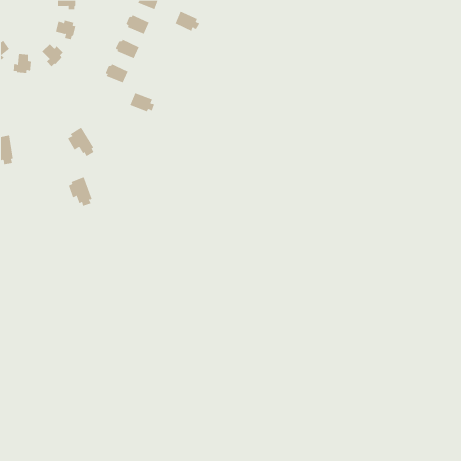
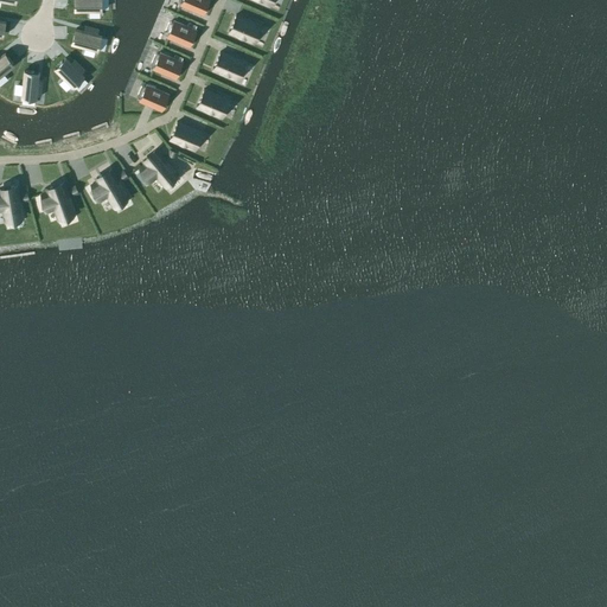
building: none -> [215,53,248,81]
building: none -> [198,90,232,117]
building: none -> [138,149,175,186]
building: [68,176,92,206] -> [41,181,74,221]

